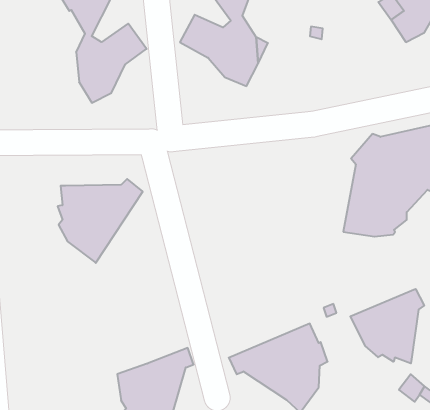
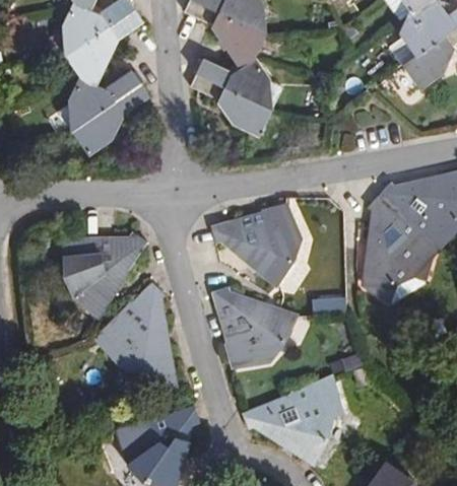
building: none -> [208,204,302,290]
building: none -> [96,280,178,391]
building: none -> [210,284,298,365]
building: [350,289,424,363] -> none

